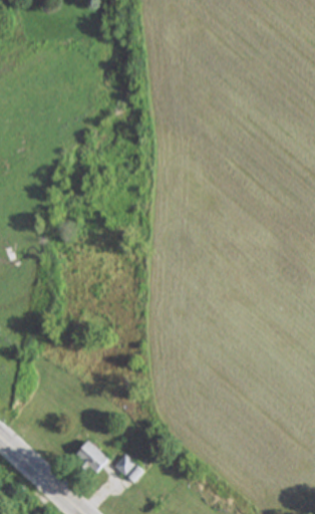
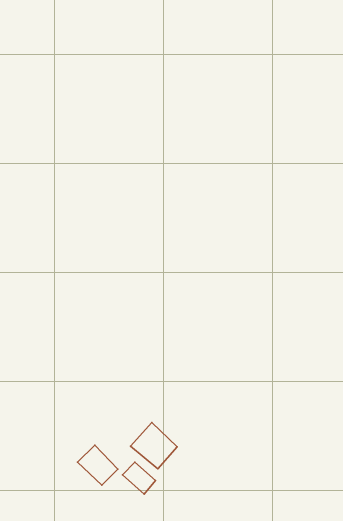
building: none -> [131,423,177,469]

